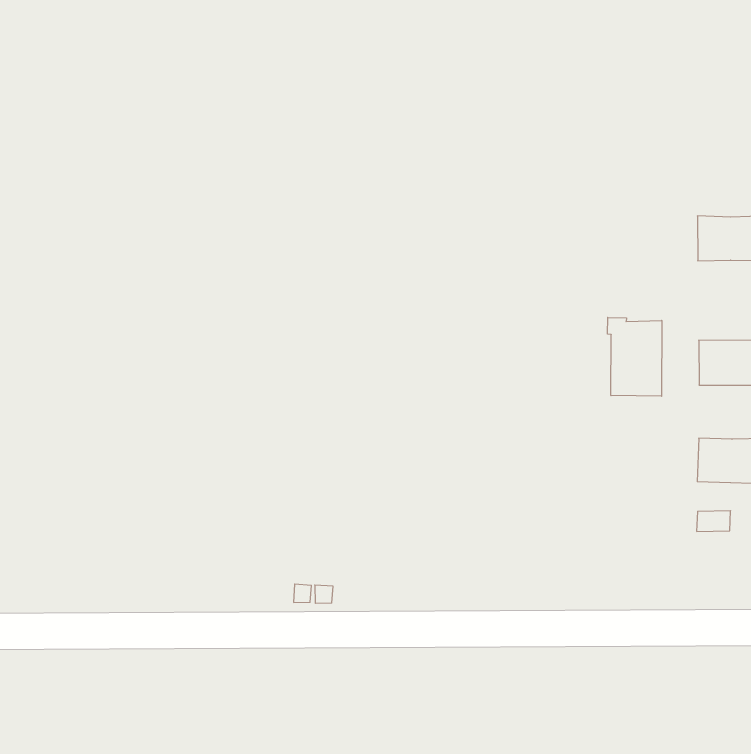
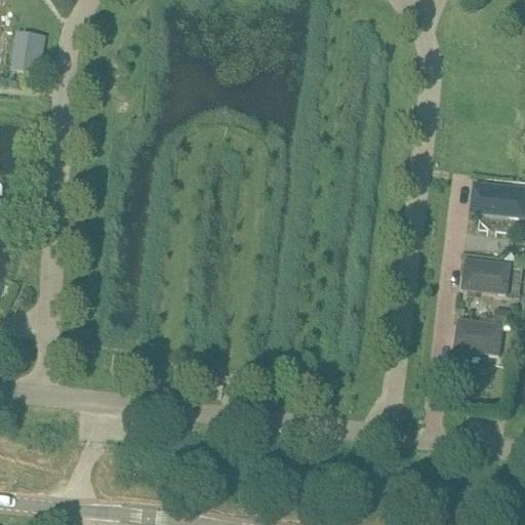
building: [608,317,662,396] -> none

